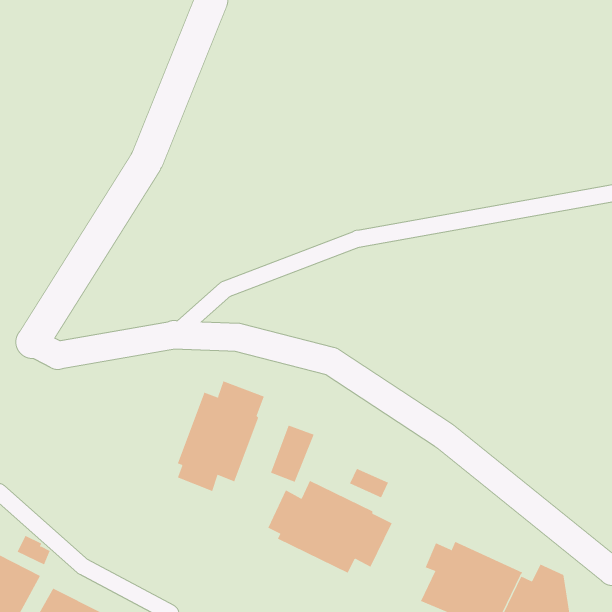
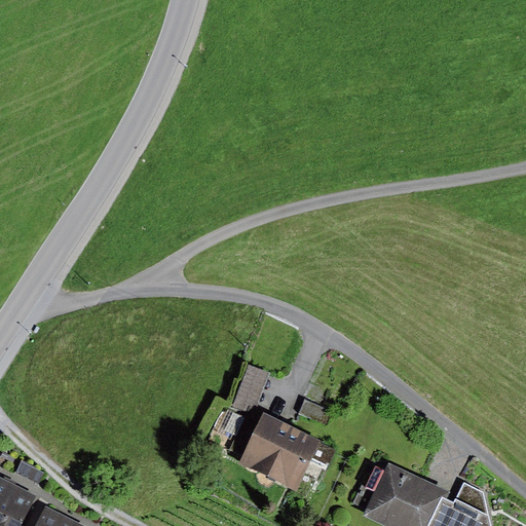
building: [177,381,264,492] -> none

